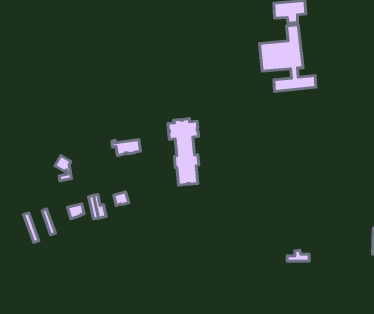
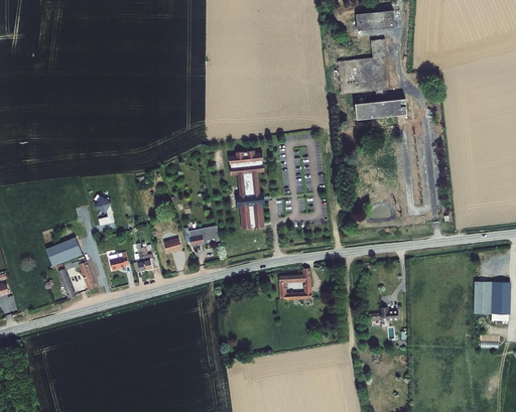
building: [112,139,140,156] -> [184,227,219,246]
building: none -> [46,238,82,265]
building: none -> [280,267,311,300]

